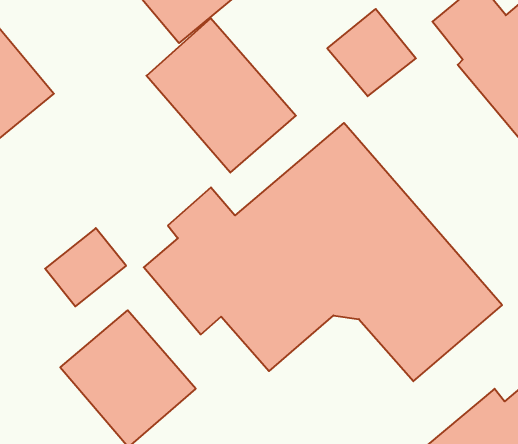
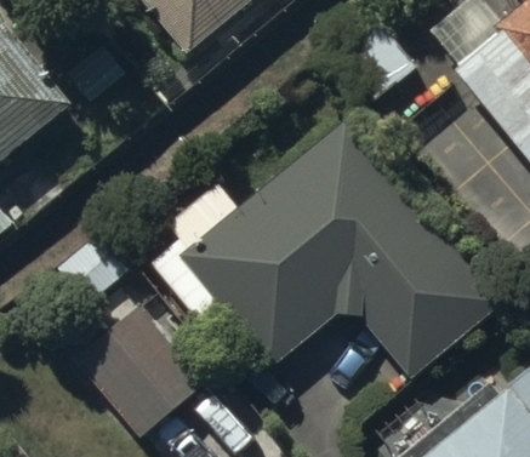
building: [146,18,296,173] -> none

